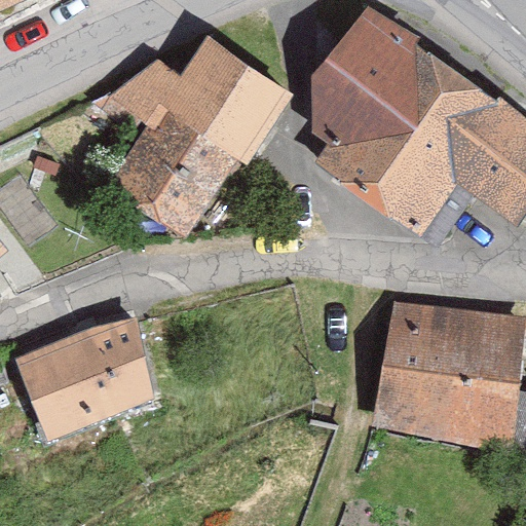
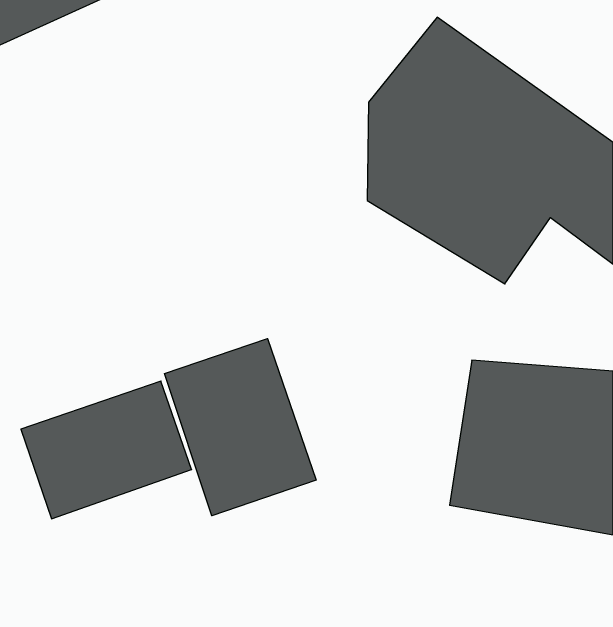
building: [95,34,297,235] -> none
building: none -> [164,339,316,516]

